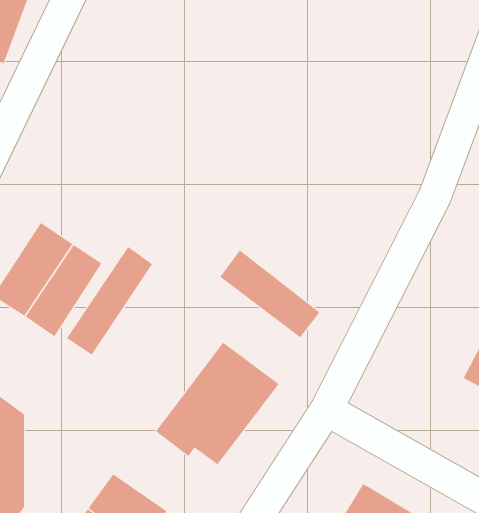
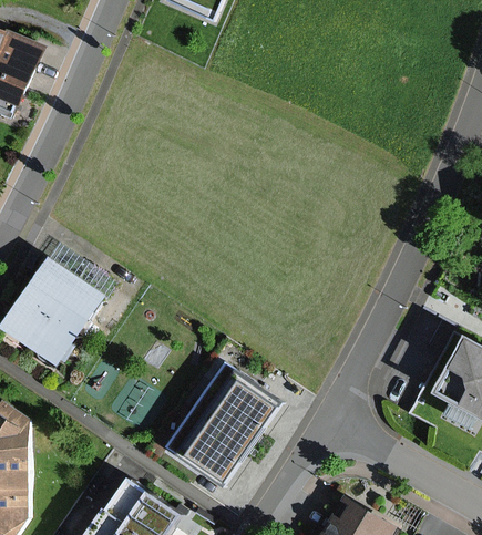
building: [66,246,153,355] -> none
building: [219,249,320,338] -> none

